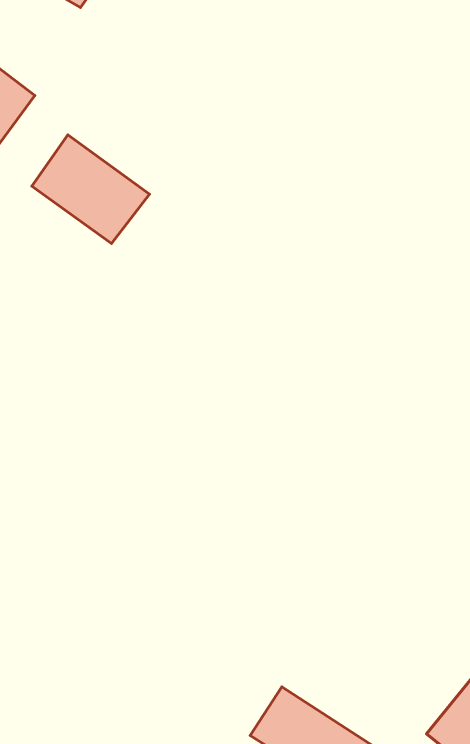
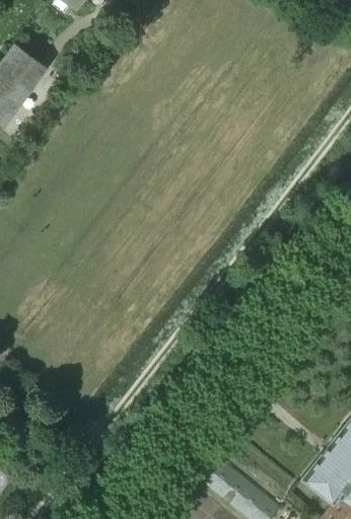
building: [32,135,149,244] -> none

